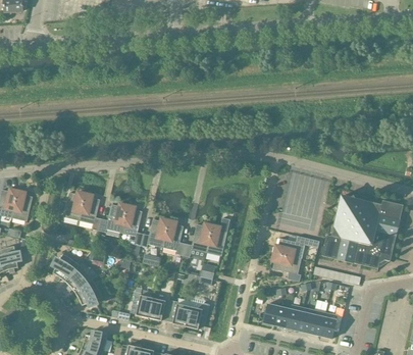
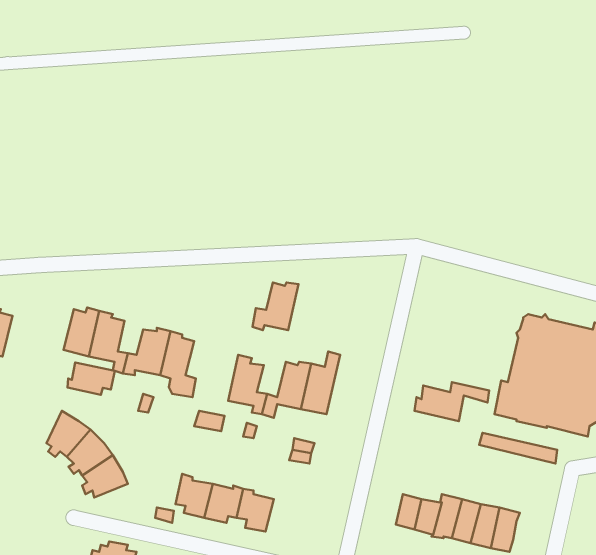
building: [141,218,168,247] -> [253,283,298,330]
building: none -> [67,363,115,395]
building: [272,253,301,281] -> none
building: [185,302,210,328] -> none

